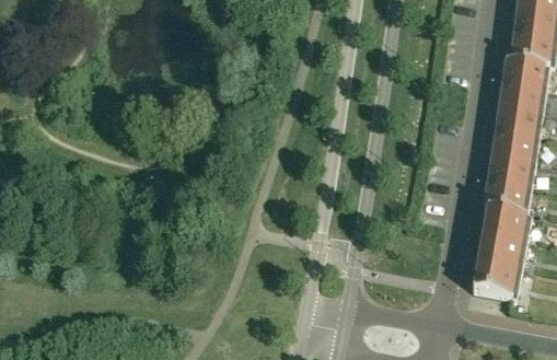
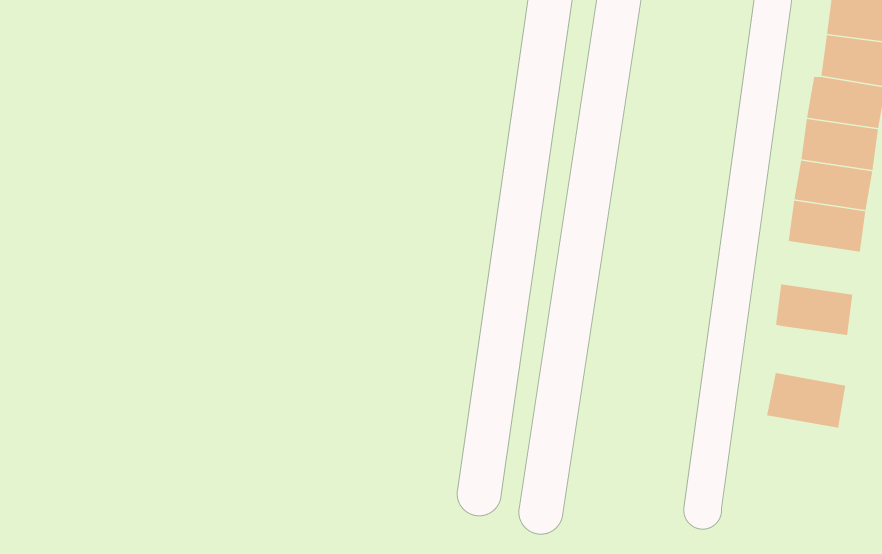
building: [487,150,535,182] -> none
building: [484,201,532,236] -> none
building: [473,255,522,290] -> none

